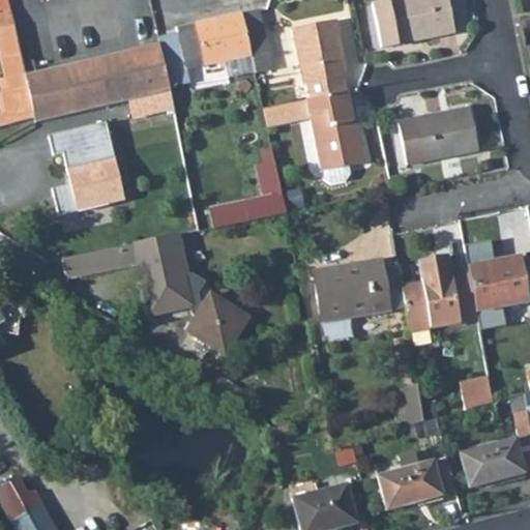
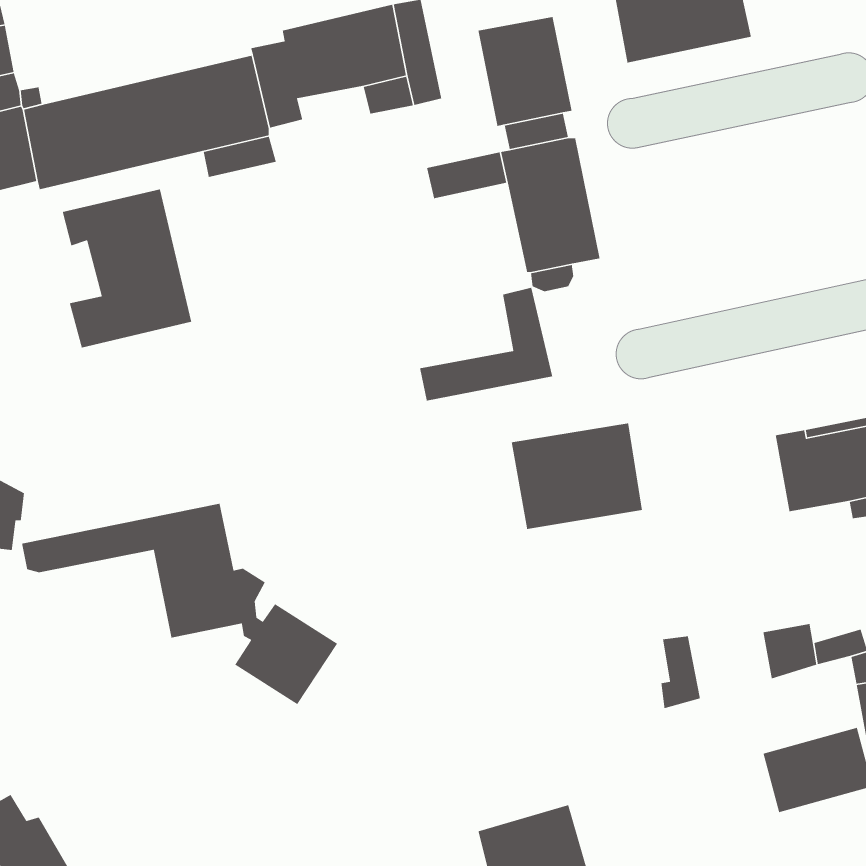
building: [398,106,478,164] -> none
building: [208,159,287,227] -> [419,287,553,401]
building: [61,234,247,353] -> [21,503,338,705]
building: [401,255,476,330] -> none
building: [377,455,455,509] -> none

